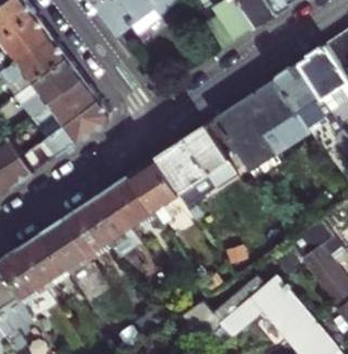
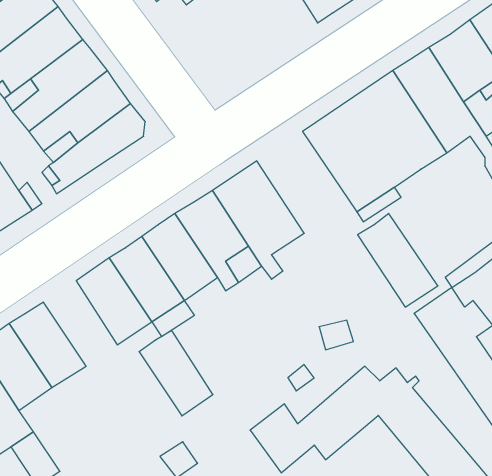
building: [184,123,237,185] -> [358,213,438,307]
building: [42,217,91,274] -> [139,330,213,416]

